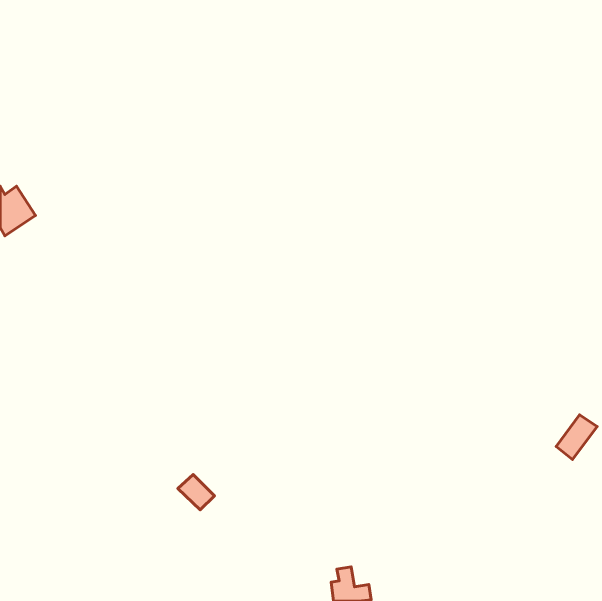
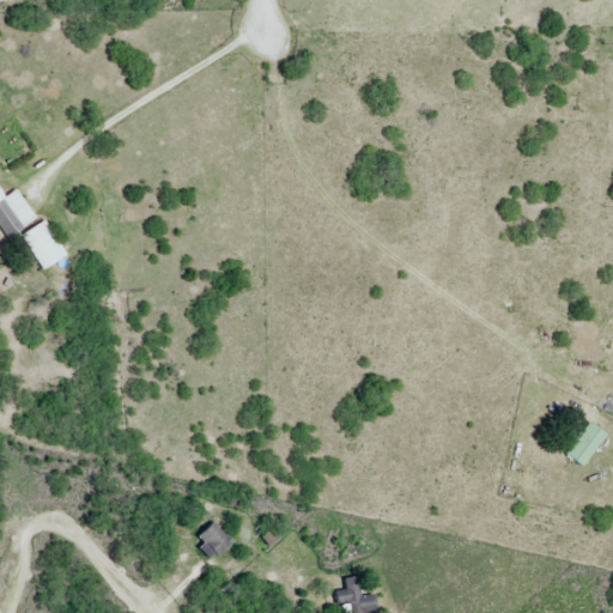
building: none -> [19,220,66,271]
building: [178,474,214,510] -> [196,522,233,558]

